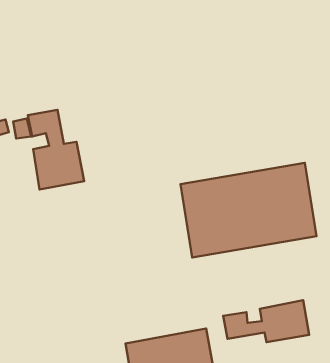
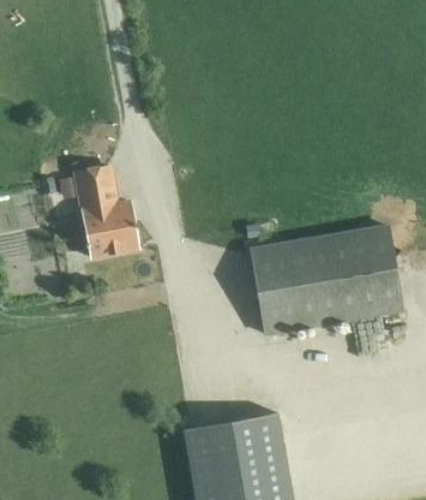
building: [223,300,309,342] -> none

